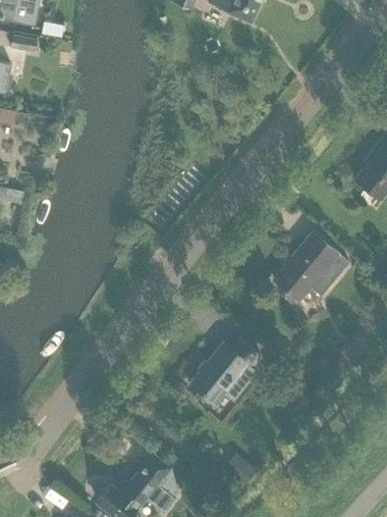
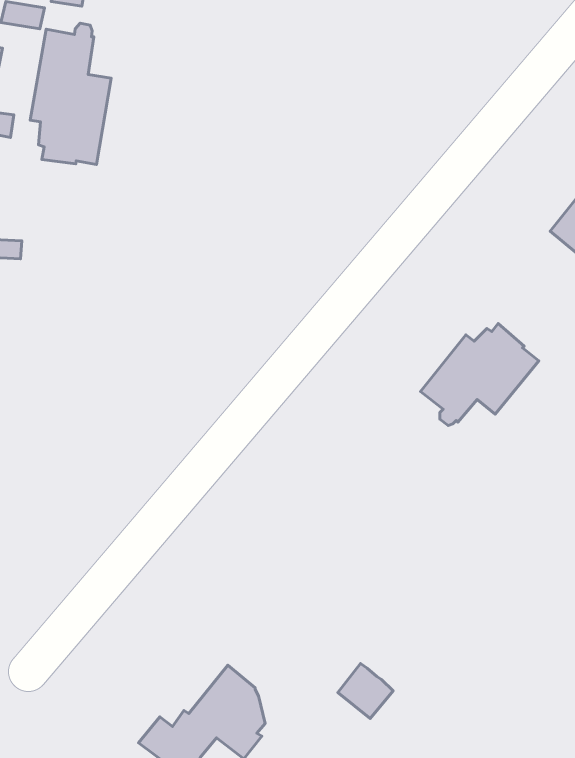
building: none -> [30,23,111,165]
building: [189,340,261,405] -> none

